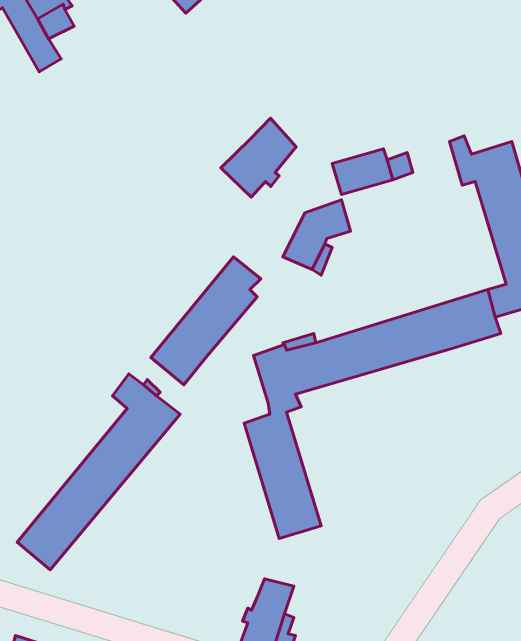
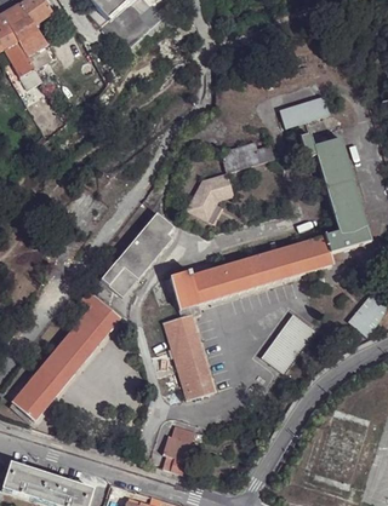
building: none -> [280,94,329,127]
building: [221,118,296,197] -> none
building: none -> [262,314,314,372]

